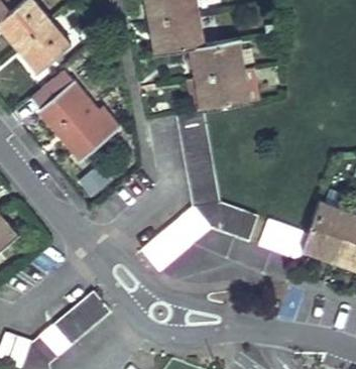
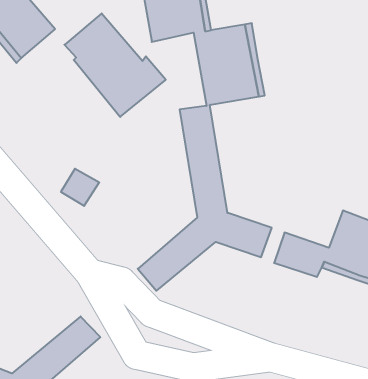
building: [31,70,119,159] -> [64,13,166,117]

